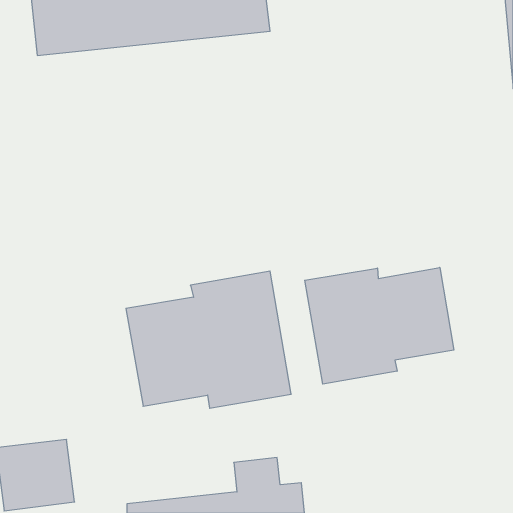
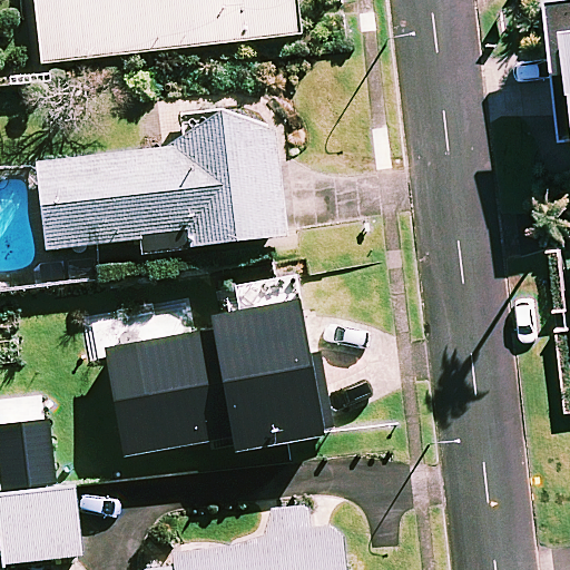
building: none -> [37,112,286,252]
building: [305,267,454,384] -> none

